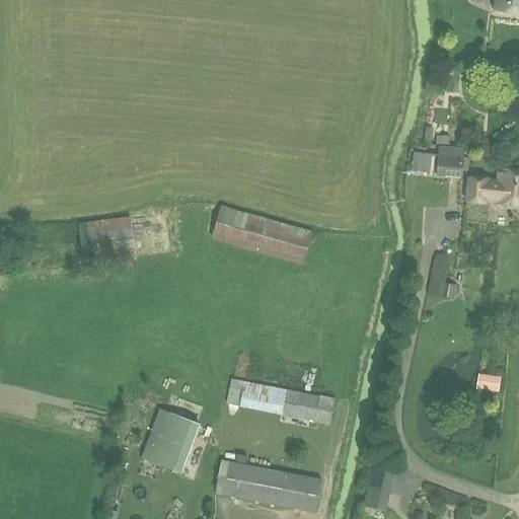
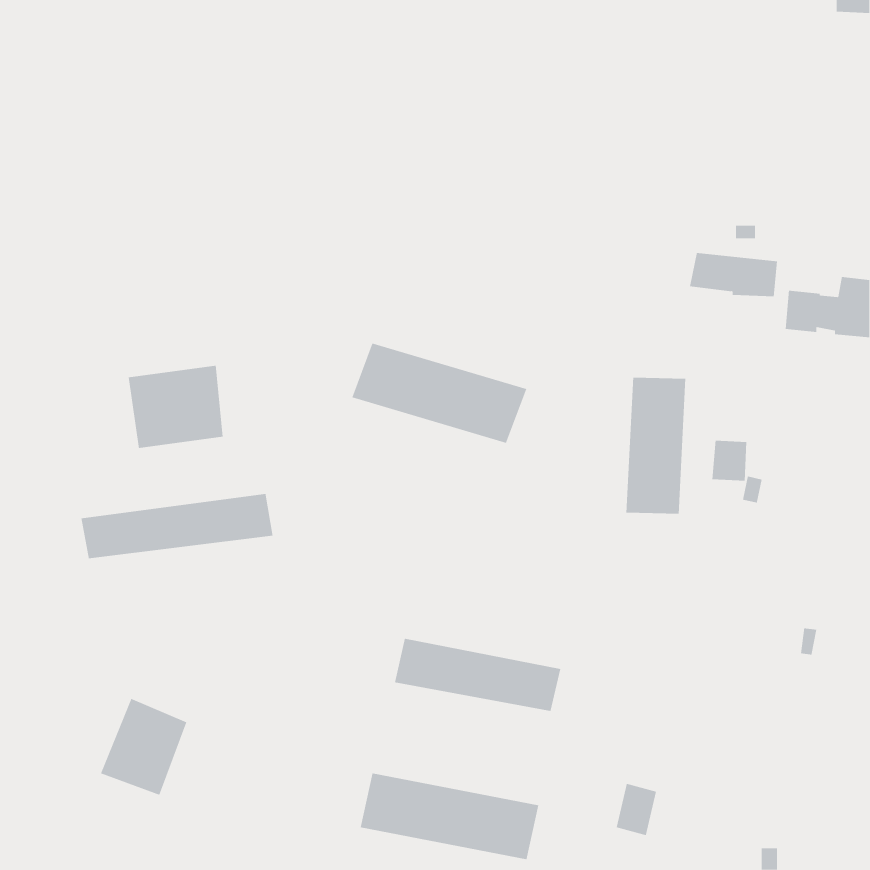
building: none -> [626,377,686,515]
building: none -> [81,493,273,559]
building: [145,412,197,469] -> [100,698,187,796]

